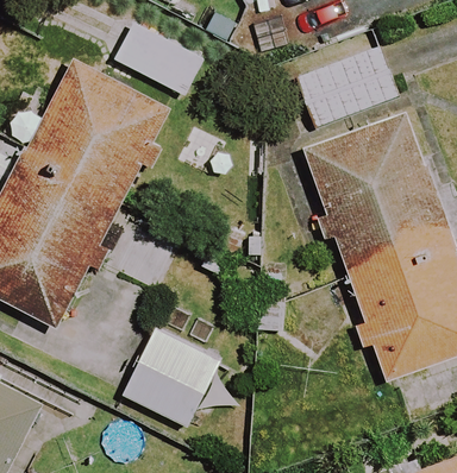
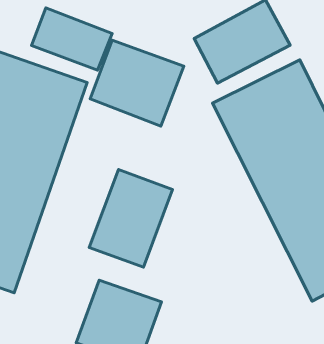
building: none -> [90,40,184,126]
building: none -> [89,170,173,267]

